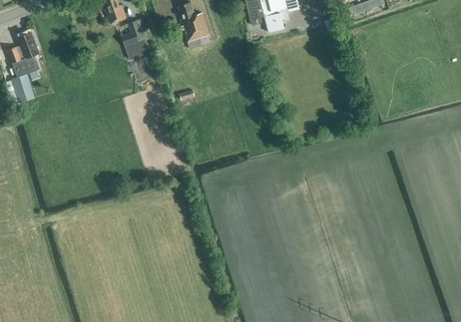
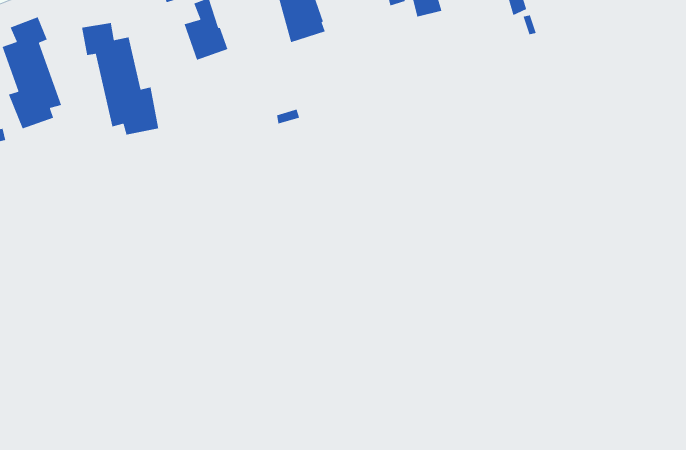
building: none -> [81,22,159,136]

